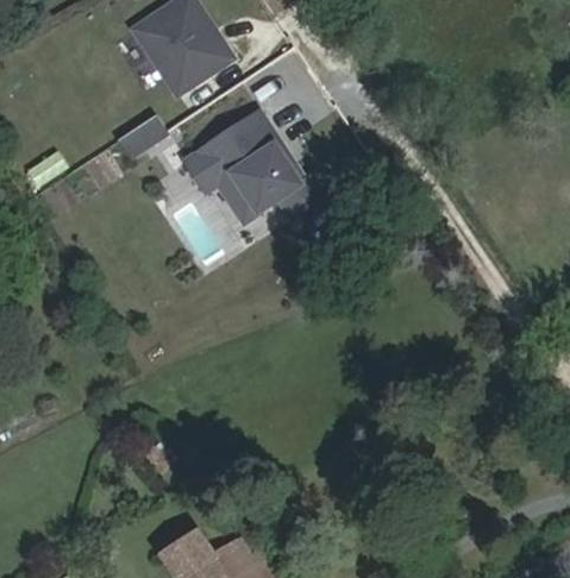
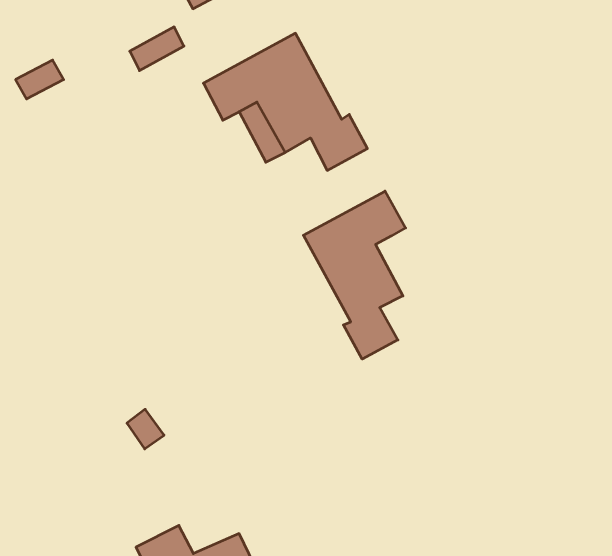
building: none -> [303,191,406,359]

